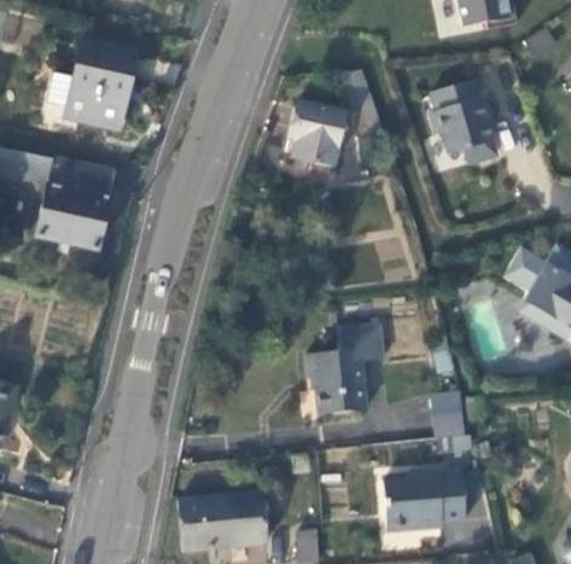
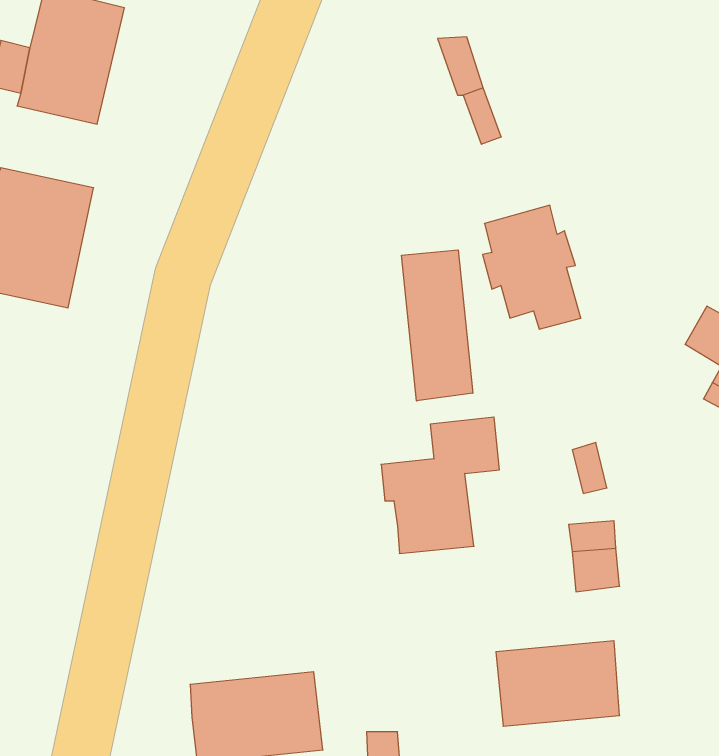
building: [431,80,496,162] -> [483,205,581,329]
building: [291,103,344,168] -> none
building: none -> [402,250,473,401]

